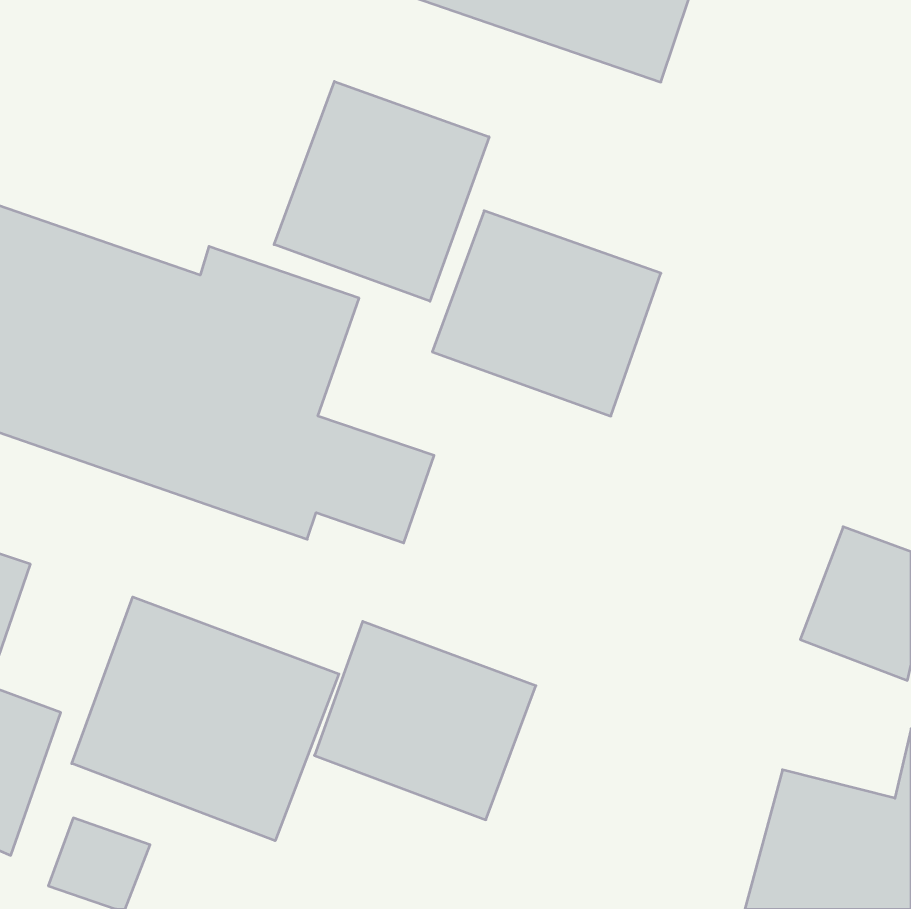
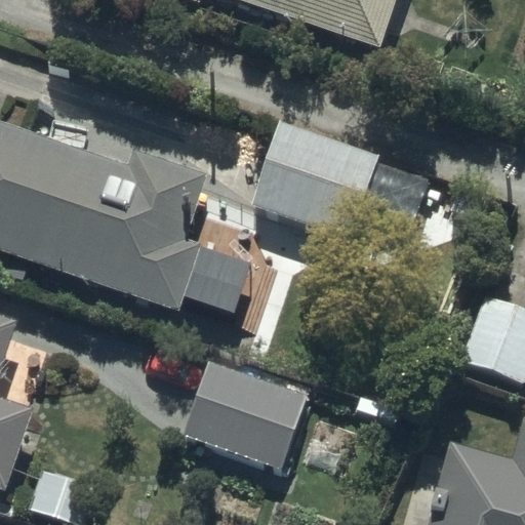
building: [274,81,489,301] -> none
building: [72,597,339,841] -> none

